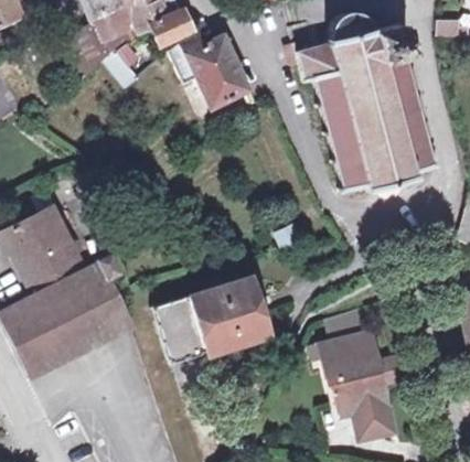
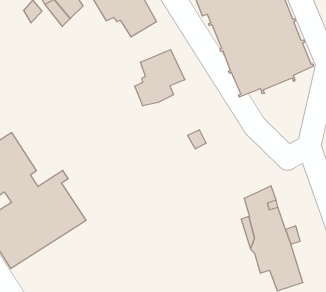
building: none -> [135,50,185,106]
building: [151,278,264,363] -> none

